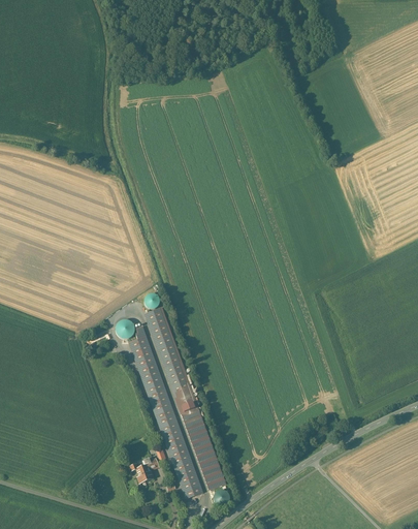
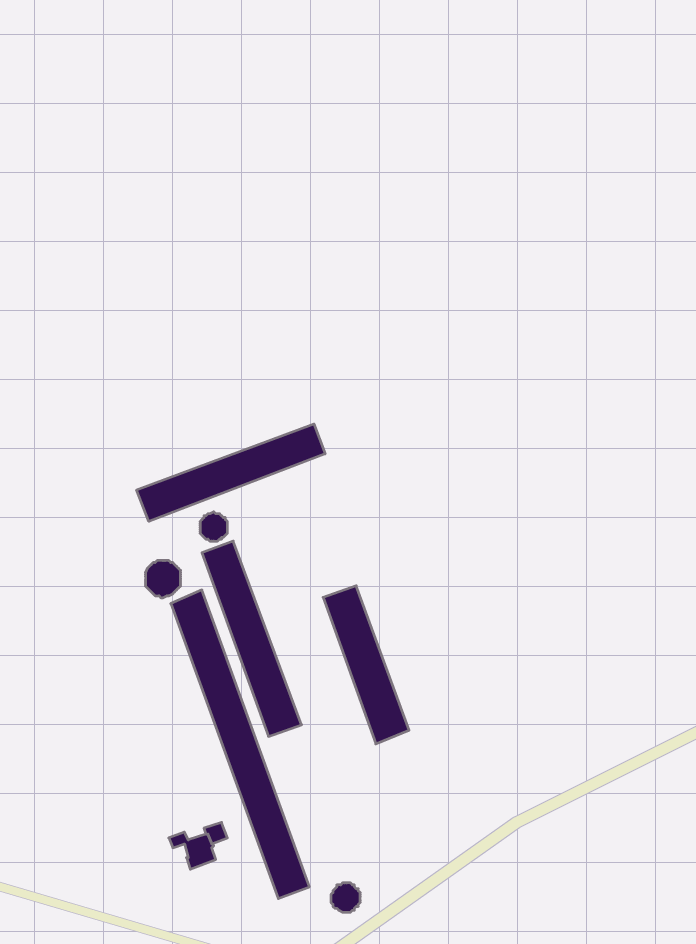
building: none -> [137,424,325,521]
building: [181,406,226,490] -> [323,586,409,744]

